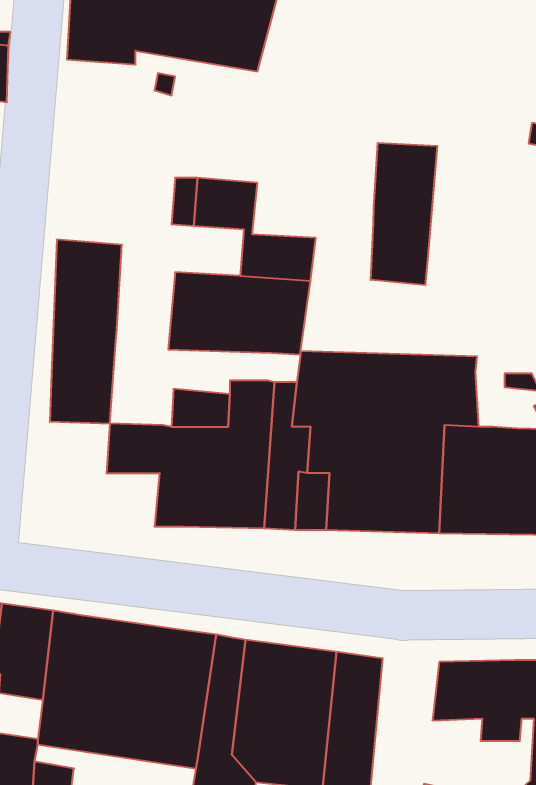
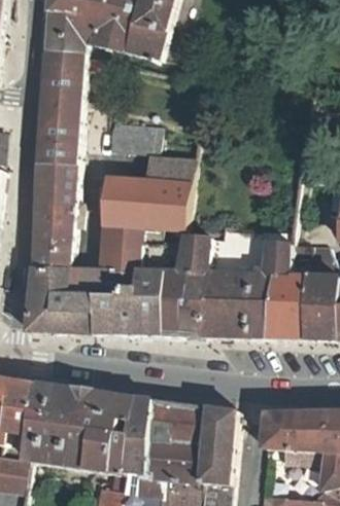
building: none -> [36,53,83,165]
building: [371,143,437,285] -> none
building: none -> [101,227,165,254]
building: none -> [25,270,98,333]

